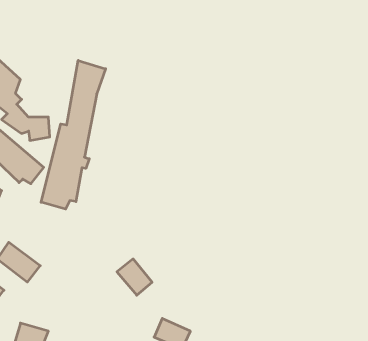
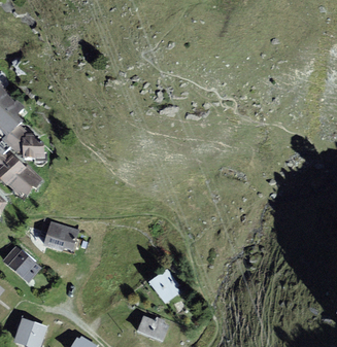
building: [41,60,106,209] -> none
building: none -> [45,221,79,250]
building: [117,259,152,295] -> [149,269,180,301]

